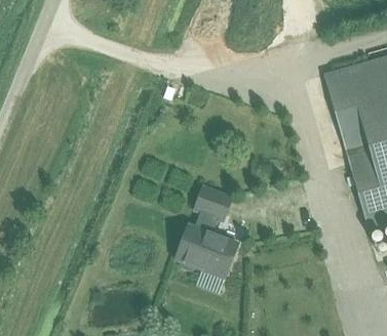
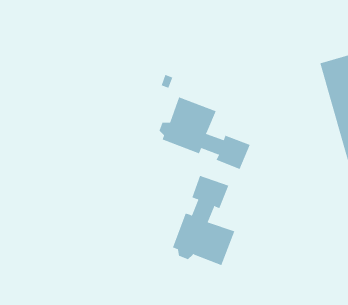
building: none -> [159,97,251,170]

